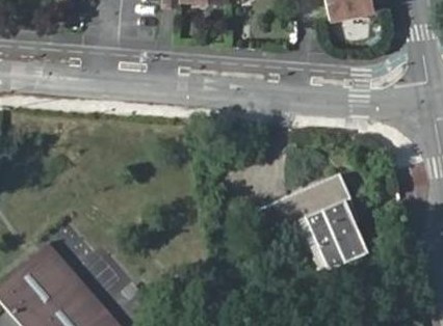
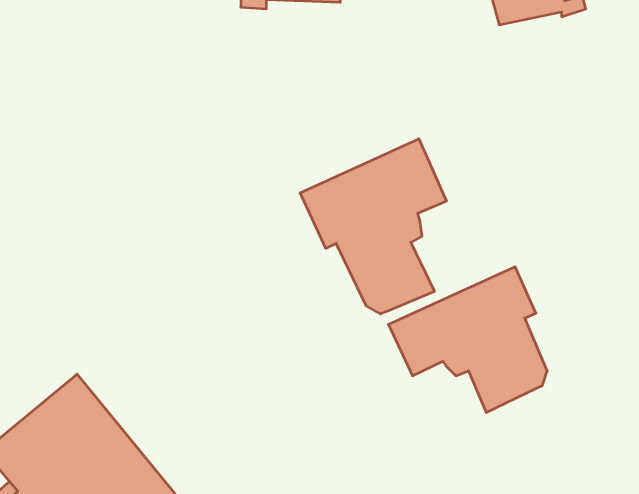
building: none -> [300,139,446,314]

